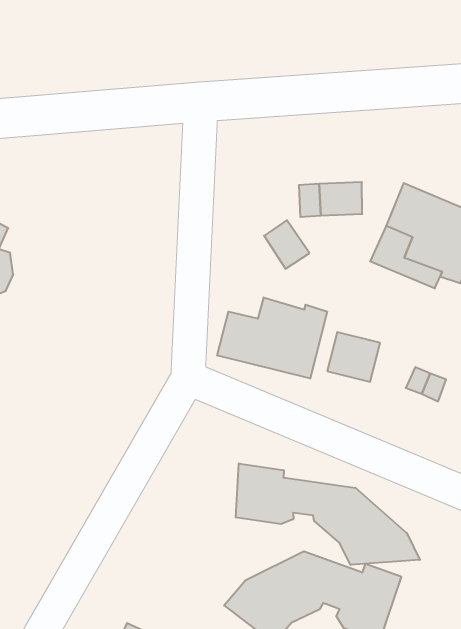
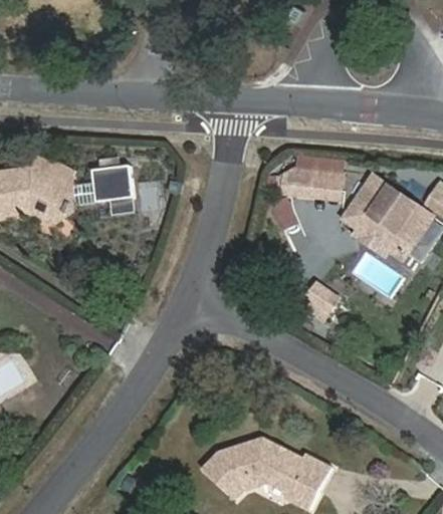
building: none -> [90,163,134,216]
building: [217,297,327,379] -> none
building: [236,463,420,565] -> none

